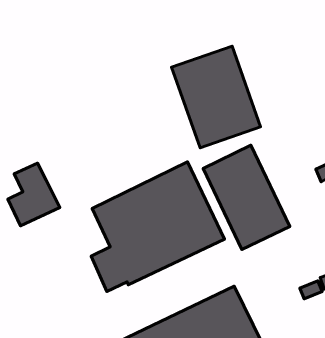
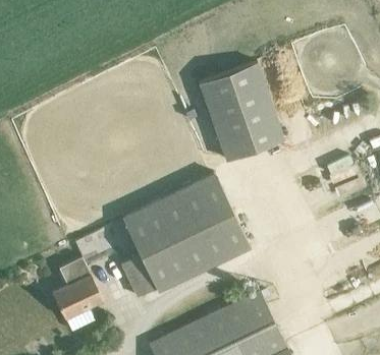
building: [203,145,290,250] -> none
building: [8,163,60,226] -> [54,258,104,318]

